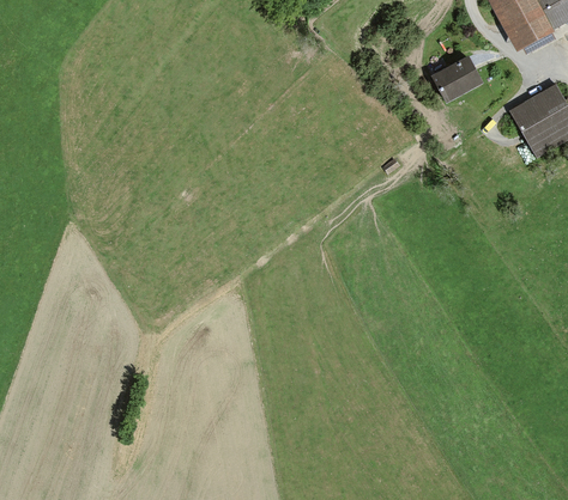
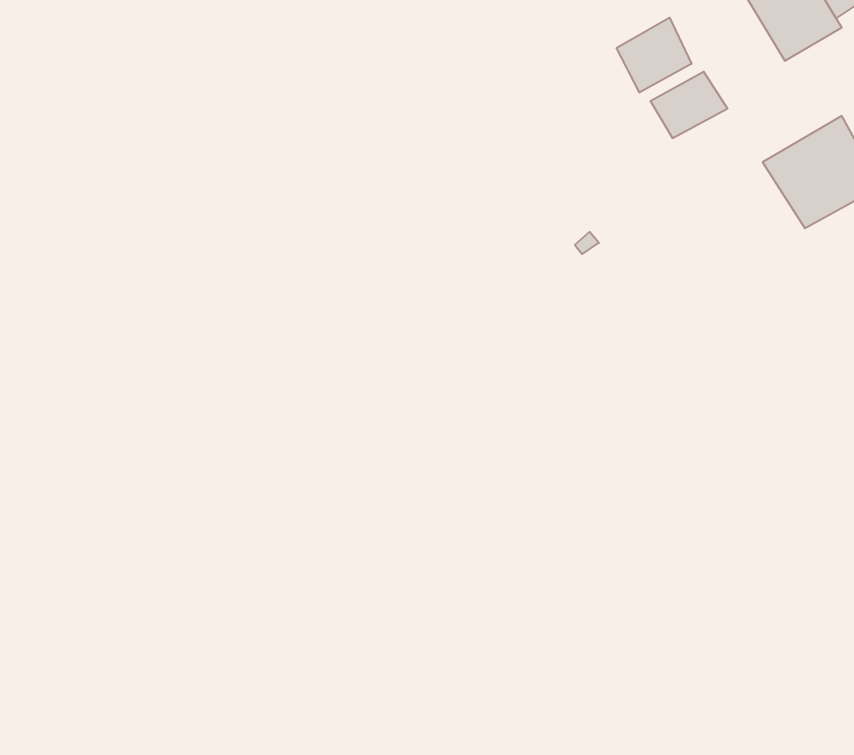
building: none -> [617,18,692,93]

